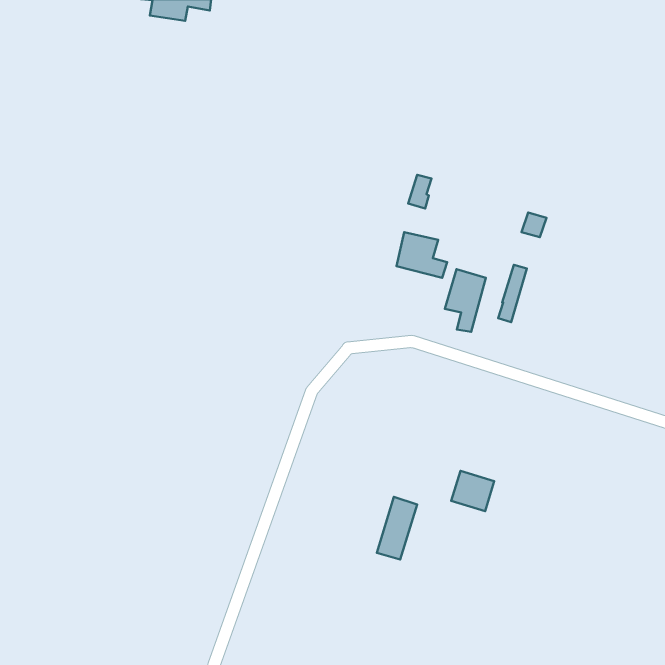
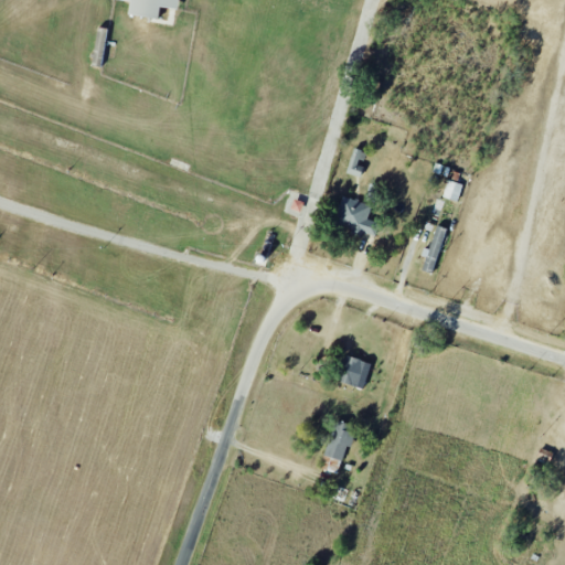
building: [445,269,486,332] -> none
building: [451,471,494,511] -> [334,354,371,388]

